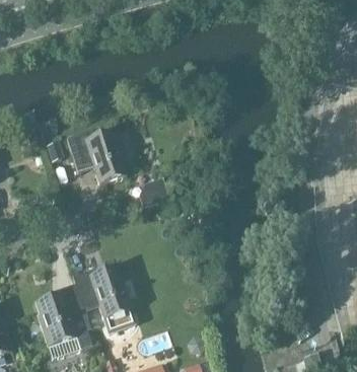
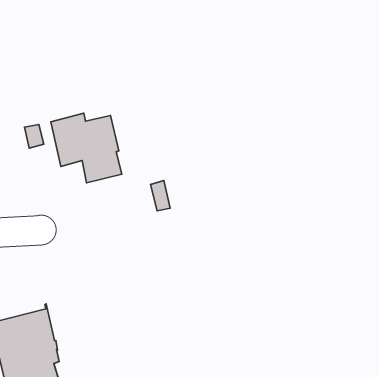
building: [73,266,132,328] -> none

